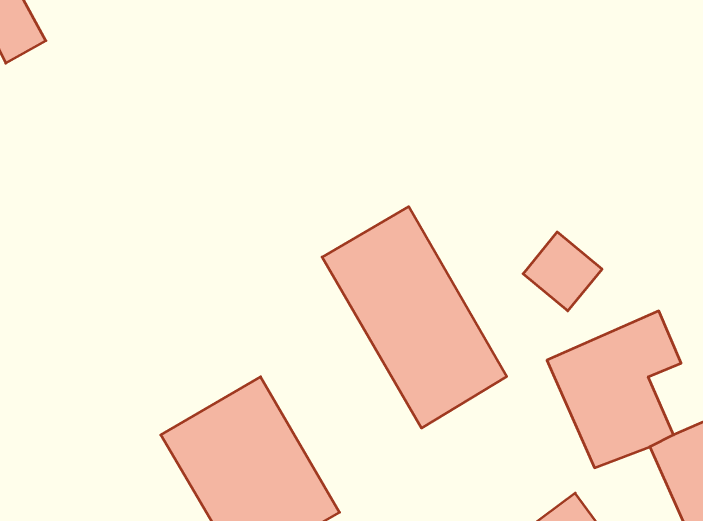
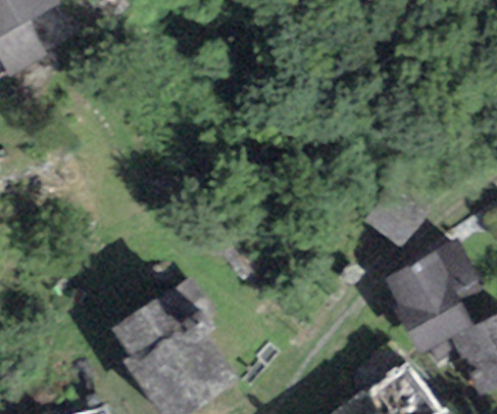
building: [322,207,507,428] -> none

